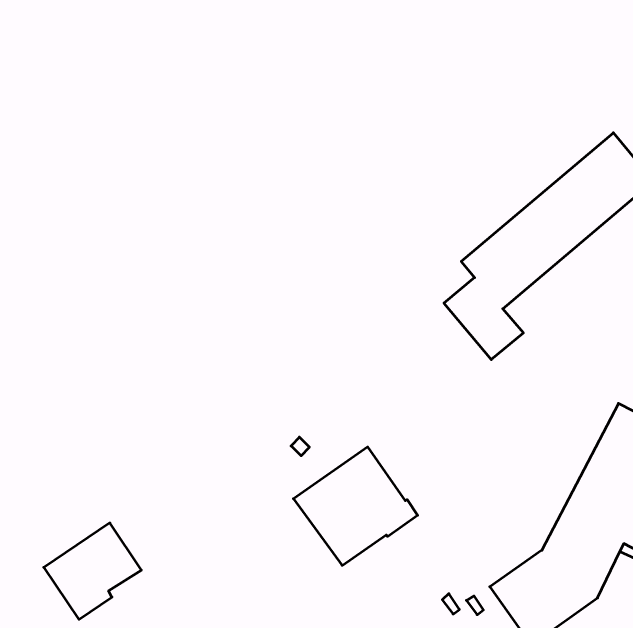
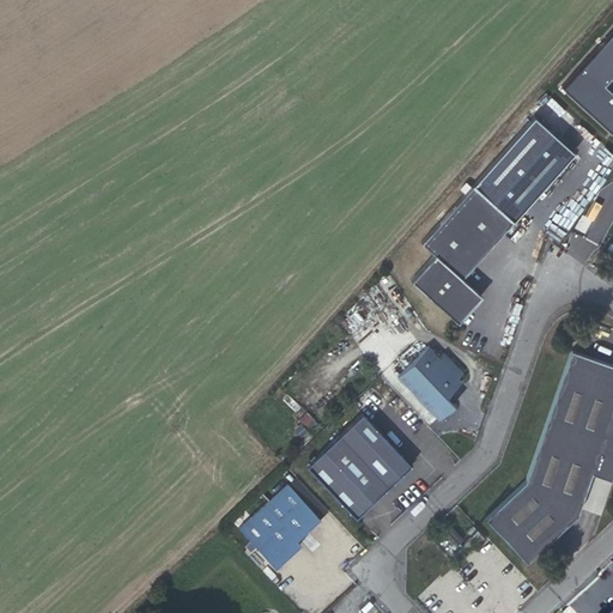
building: none -> [401,348,466,421]
building: [44,523,141,619] -> [241,485,323,570]

